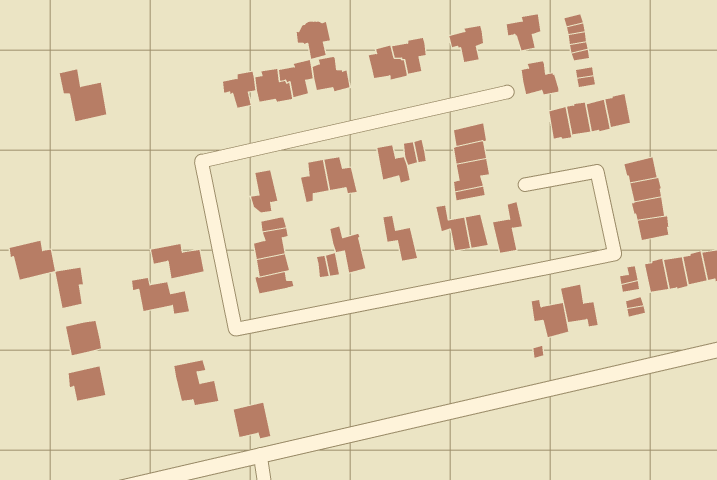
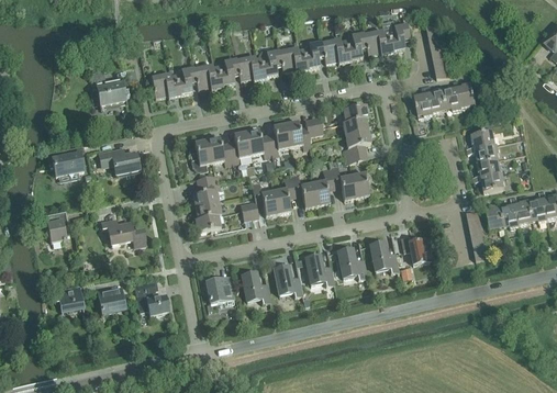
building: [296,21,331,60] -> [255,48,281,77]
building: none -> [322,37,350,64]
building: [521,61,559,95] -> [365,30,393,55]
building: [59,69,107,122] -> [89,69,125,109]
building: none -> [152,72,181,98]
building: none -> [267,123,290,156]
building: none -> [207,137,233,165]
building: [492,202,523,253] -> [311,167,334,205]
building: none -> [272,175,293,213]
building: [9,240,56,280] -> [48,147,83,177]
building: [150,243,205,279] -> [99,148,140,175]
building: [560,284,599,327] -> [369,240,398,272]
building: none -> [337,247,366,279]
building: [65,321,102,356] -> [98,288,125,314]
building: none -> [304,254,333,285]
building: none -> [274,265,302,296]
building: none -> [241,271,269,303]
building: [233,402,271,439] -> [205,277,234,304]

